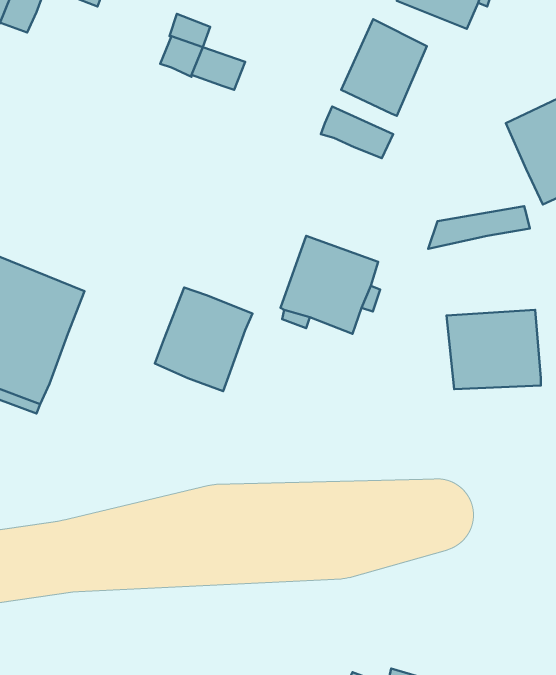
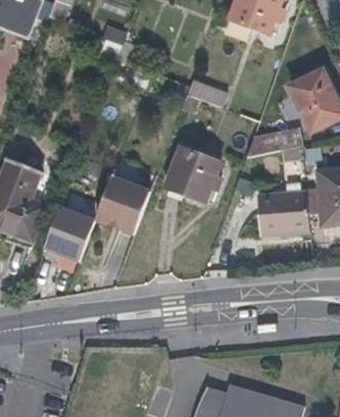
building: [341,19,427,116] -> none
building: none -> [41,206,96,262]

